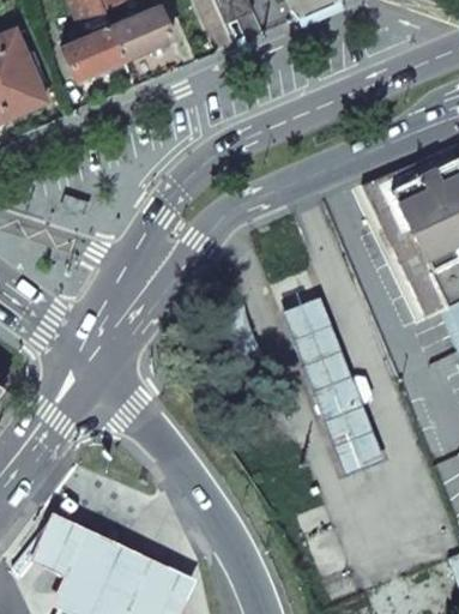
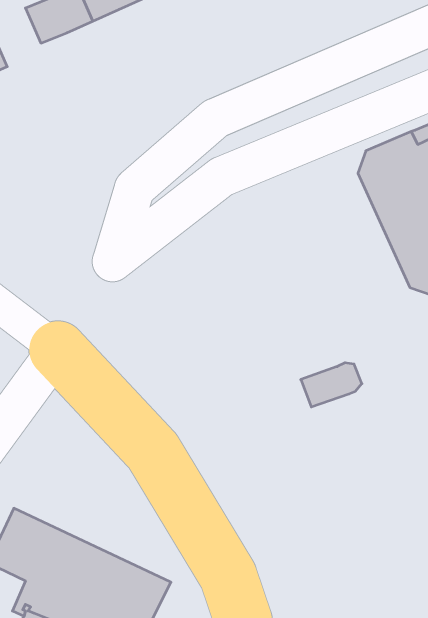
building: [285,300,351,391] -> none
building: [327,404,382,469] -> none

